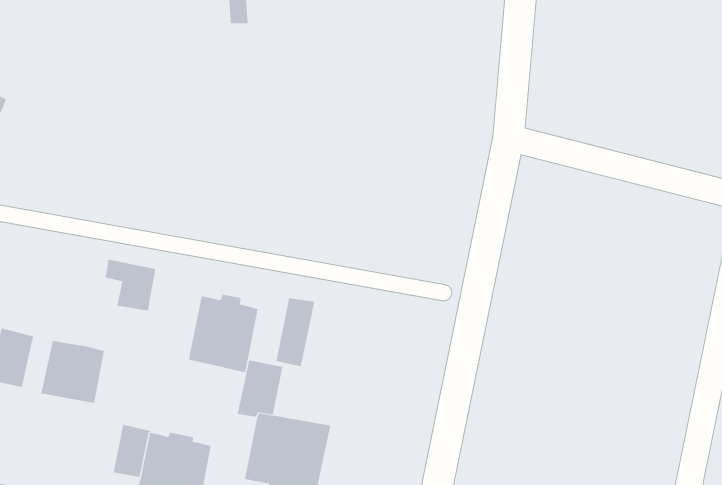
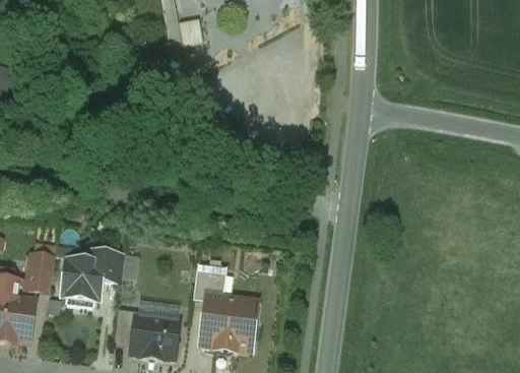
building: [105,259,156,311] -> [91,249,125,282]
building: [189,294,258,373] -> none
building: [276,297,315,367] -> none

